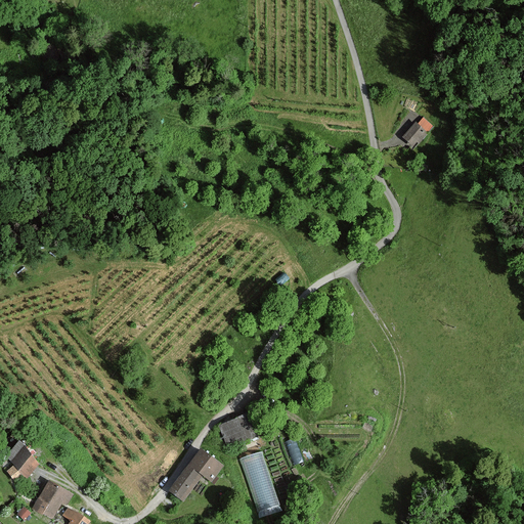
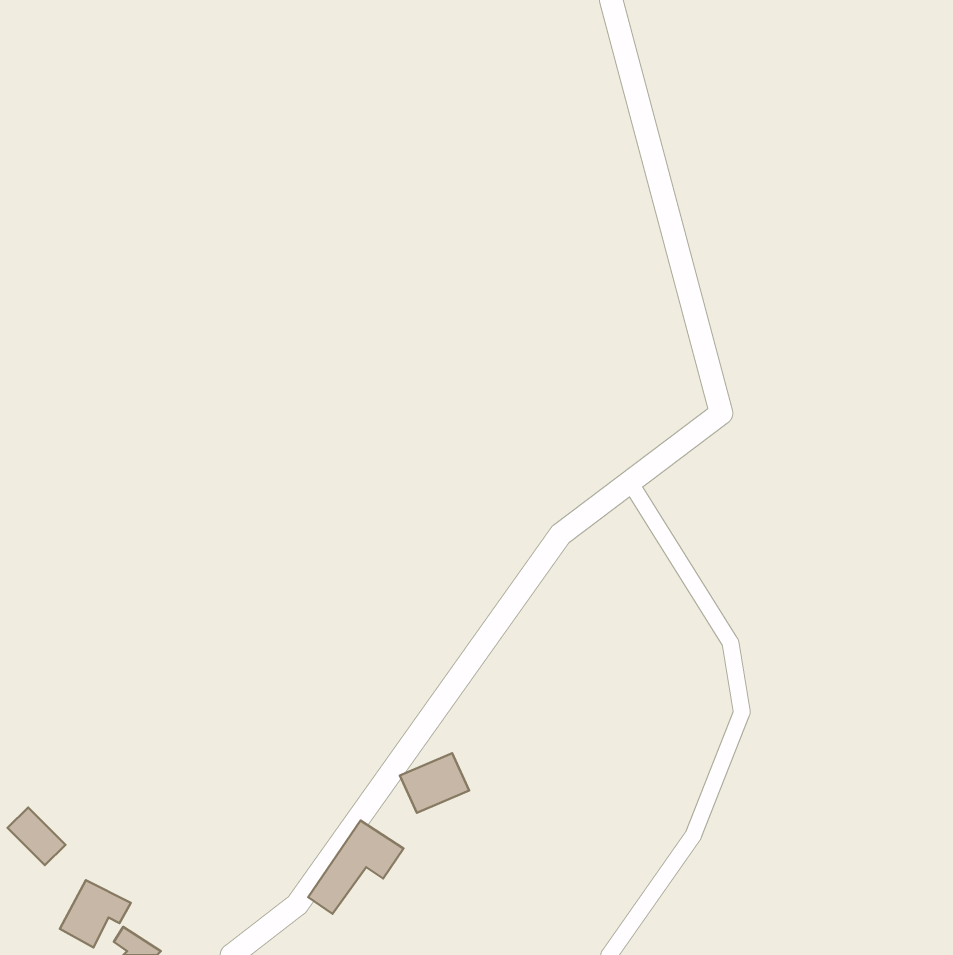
building: [402,118,432,146] -> none
building: [238,448,279,516] -> none

